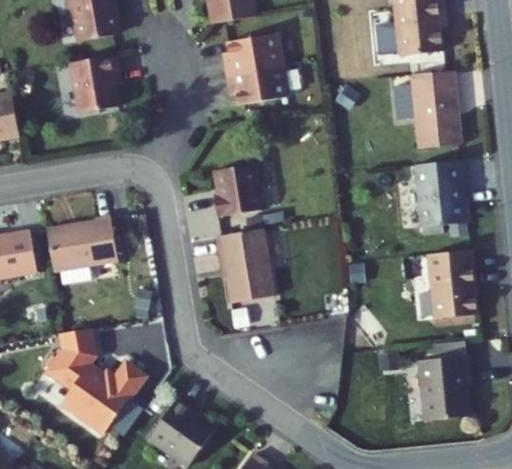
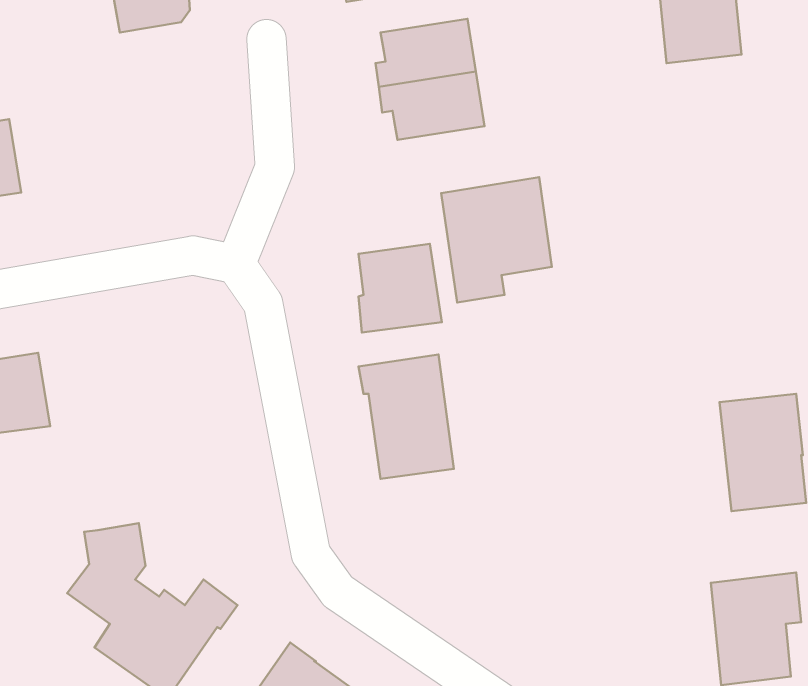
building: [72,52,120,110] -> none
building: [410,72,461,151] -> none
building: none -> [441,177,552,302]
building: [414,163,470,230] -> none
building: [46,214,117,269] -> none

